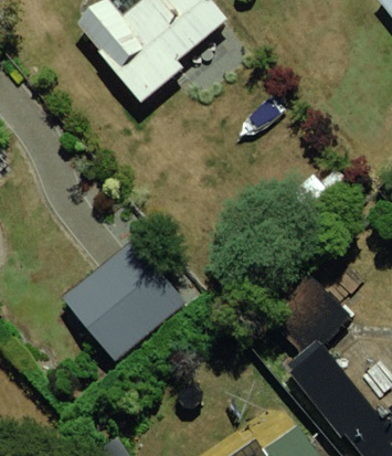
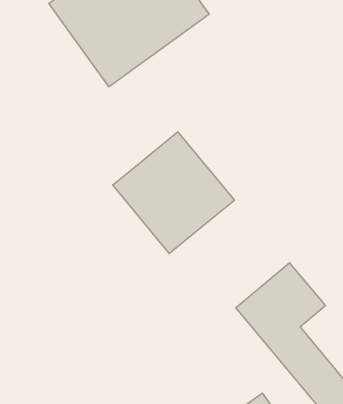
building: [50,235,176,361] -> [113,132,234,253]

